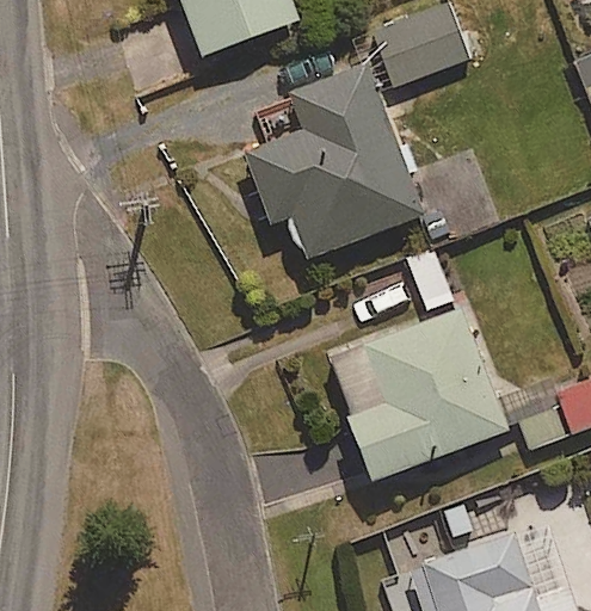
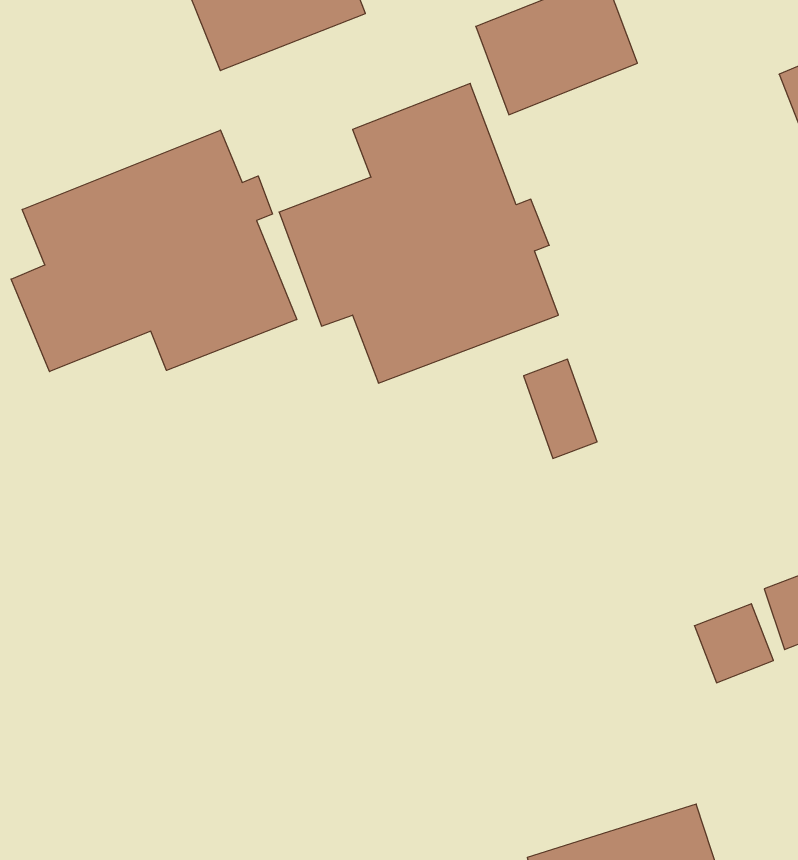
building: none -> [11,130,297,372]
building: [327,306,506,482] -> none

